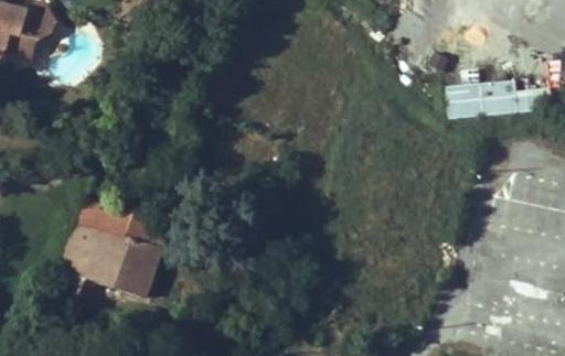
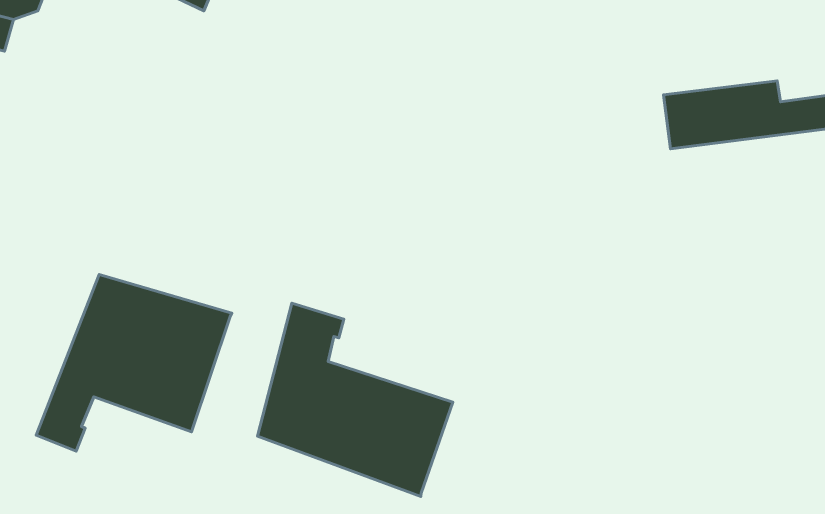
building: none -> [257,303,453,496]

